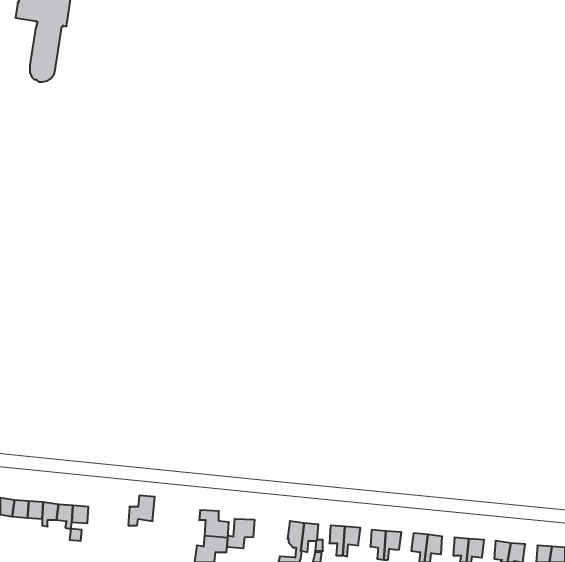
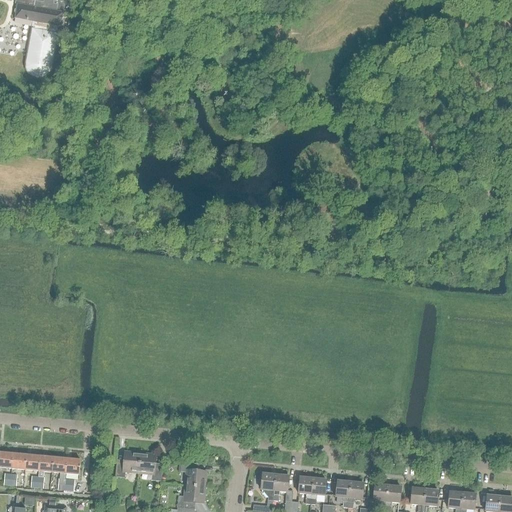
building: none -> [138,449,162,479]
building: [227,519,254,548] -> none

